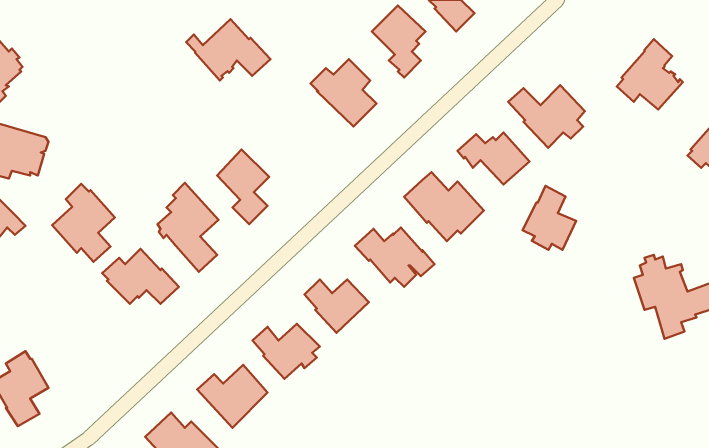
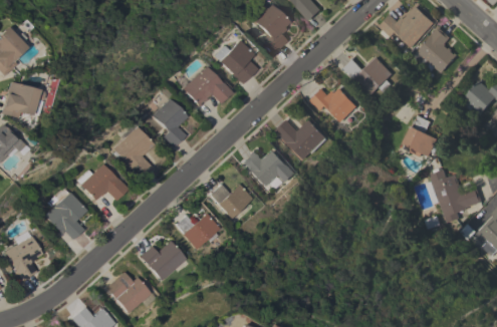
building: none -> [380,5,436,47]
building: [186,19,270,81] -> [178,66,233,106]
building: [52,184,115,262] -> [46,188,87,239]
building: [523,186,576,250] -> [404,114,439,156]

